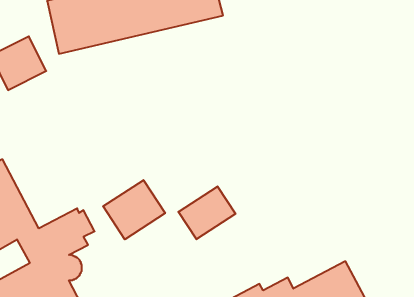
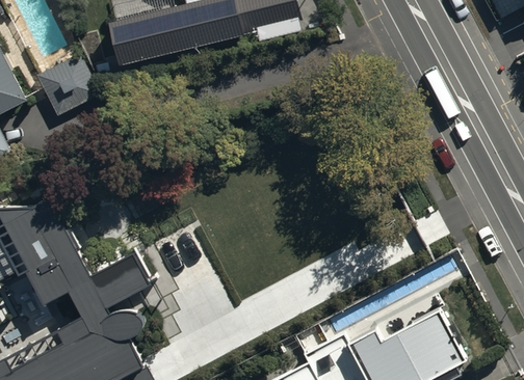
building: [103,180,165,239] -> none
building: [178,186,235,239] -> none

